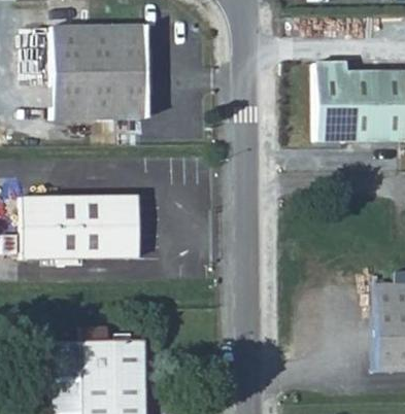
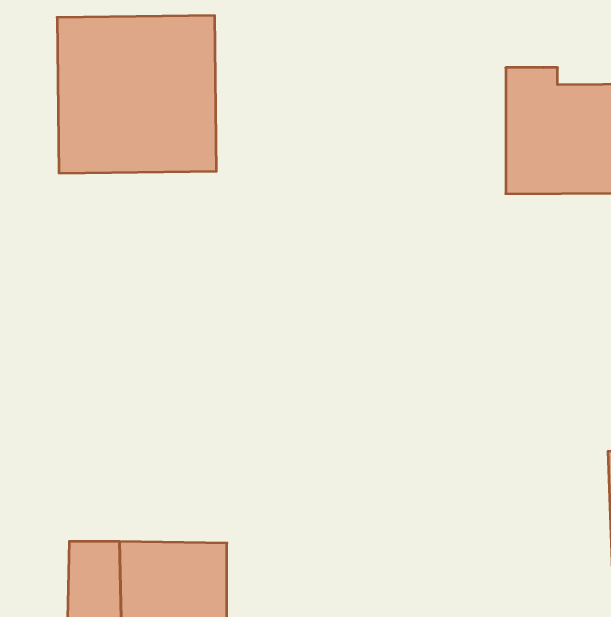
building: [22,196,138,260] -> none

